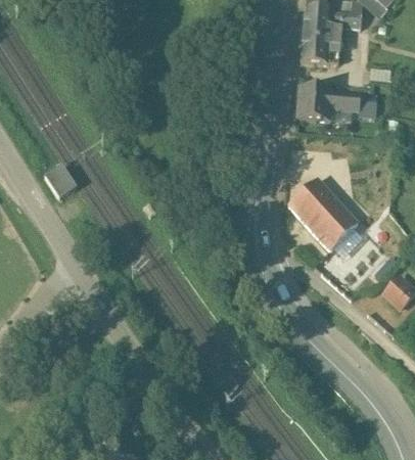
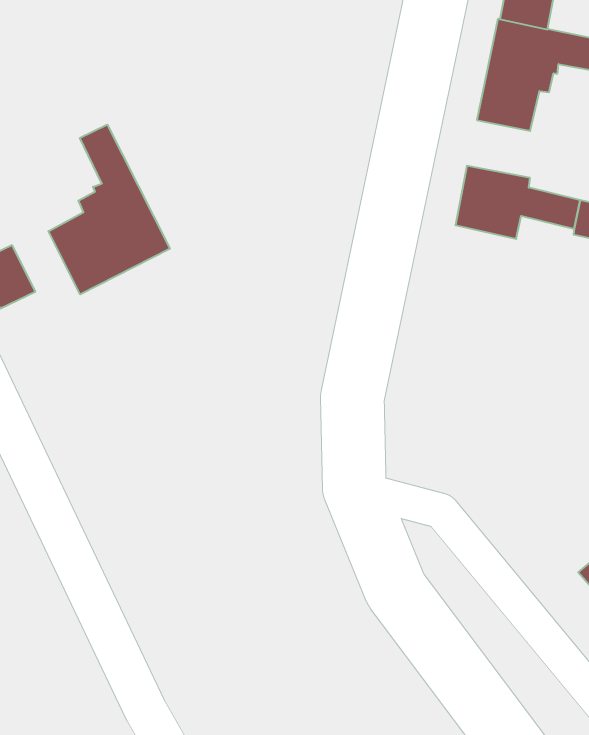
building: none -> [48,125,170,294]
building: [288,186,357,258] -> none

